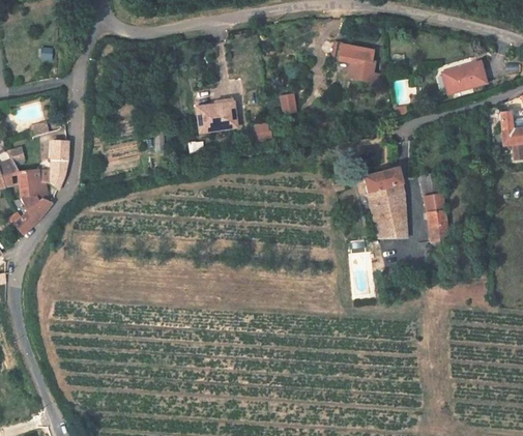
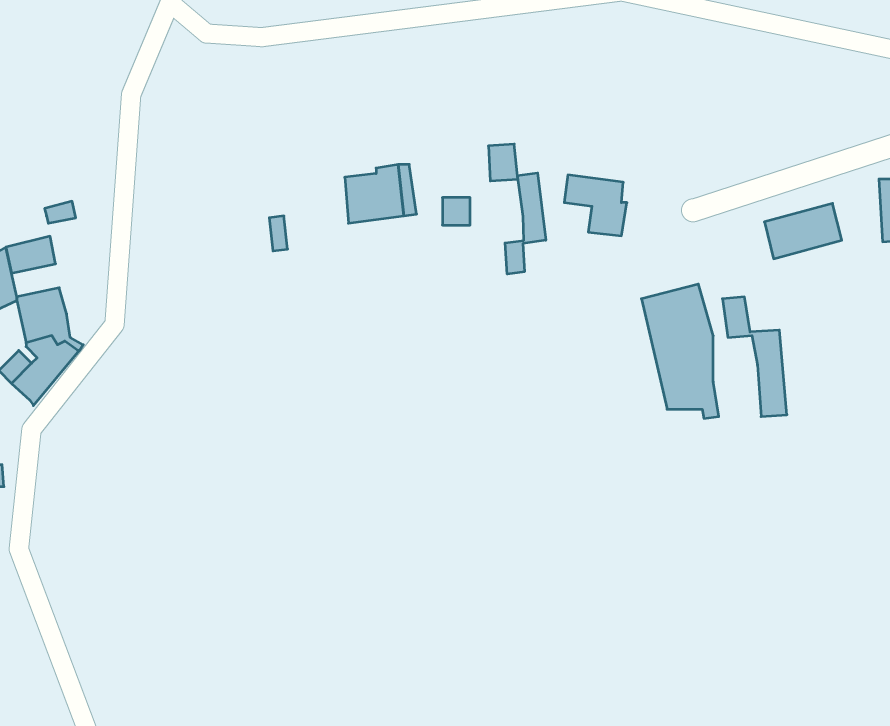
building: [339,41,374,76] -> [564,175,627,236]
building: [441,62,485,93] -> [764,203,842,259]
building: none -> [505,173,546,274]
building: [50,140,68,192] -> none

